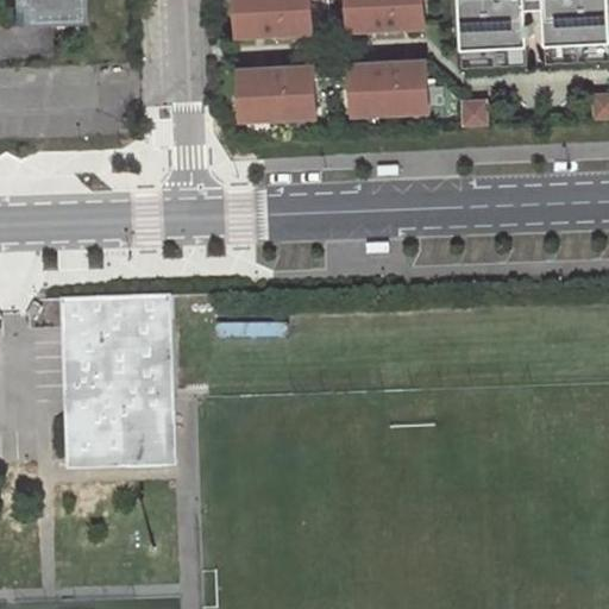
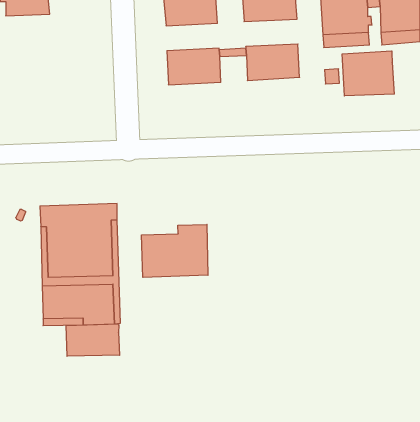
building: none -> [342,51,394,96]
building: none -> [142,224,208,277]
building: none -> [66,324,120,356]

